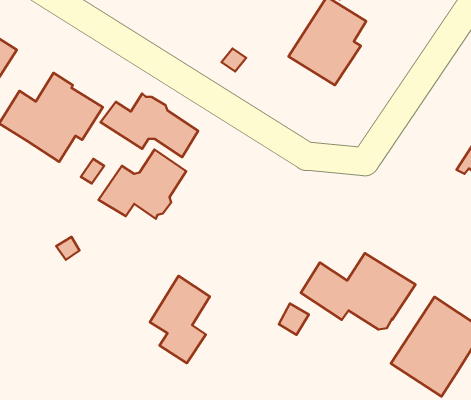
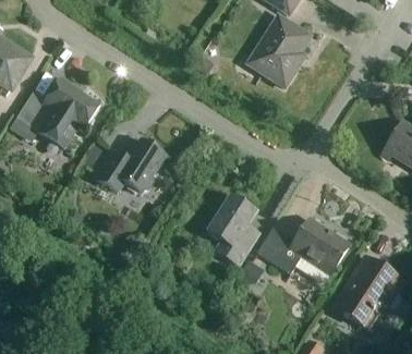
building: [100,93,198,157] -> none
building: [150,276,210,363] -> [207,194,255,264]

